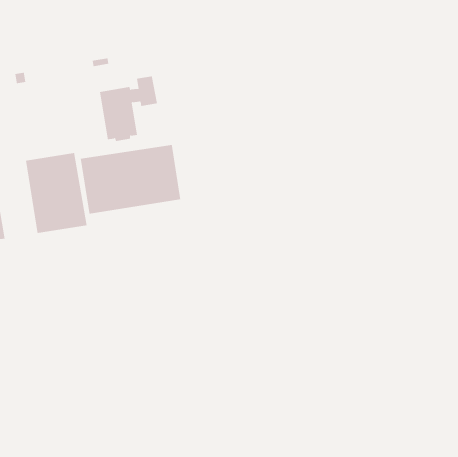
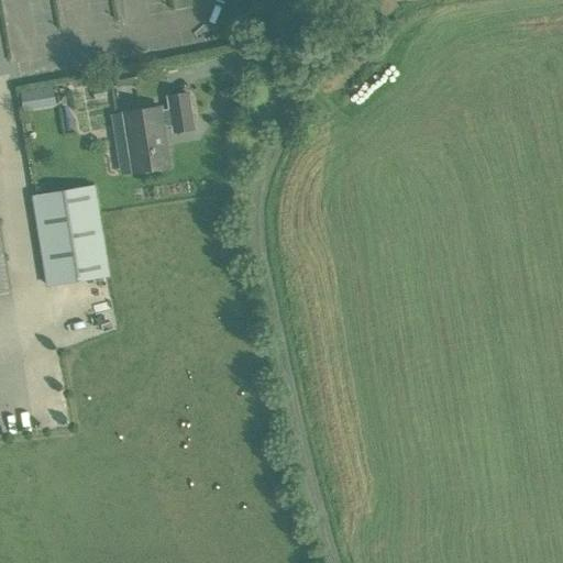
building: [80,144,181,215] -> none

